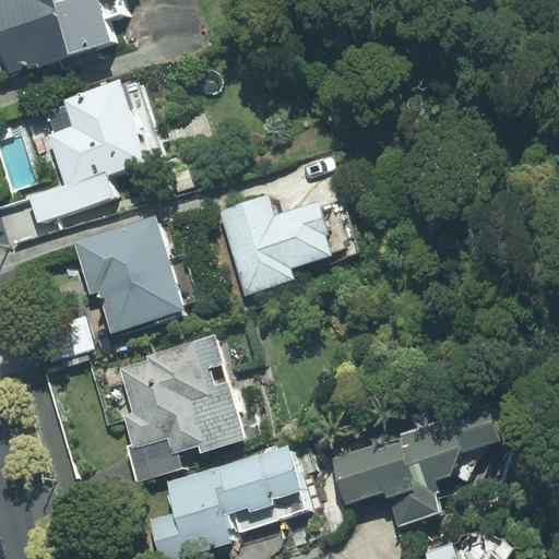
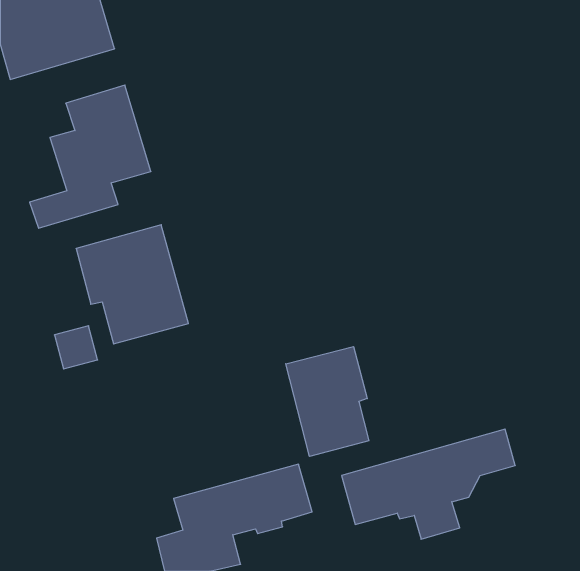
building: [219,194,334,293] -> none
building: none -> [286,347,369,456]
building: [119,336,242,479] -> none

